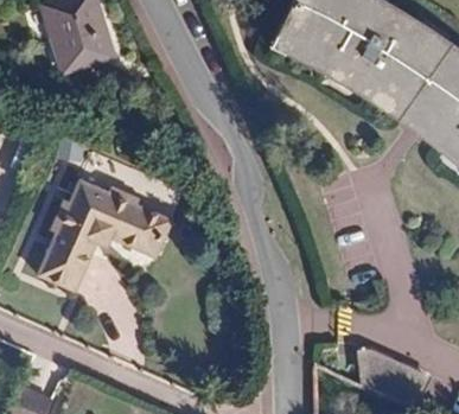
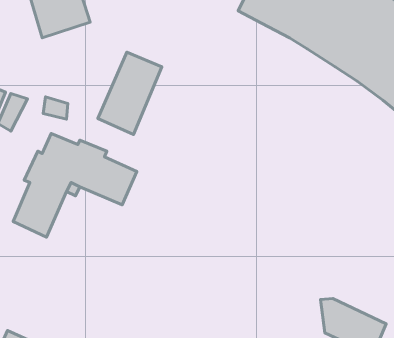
building: none -> [98,52,162,135]

